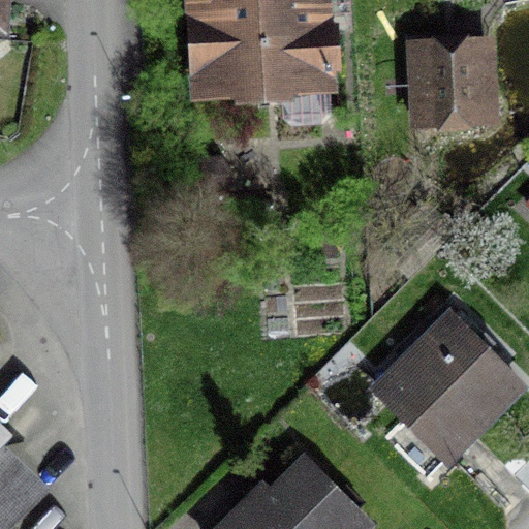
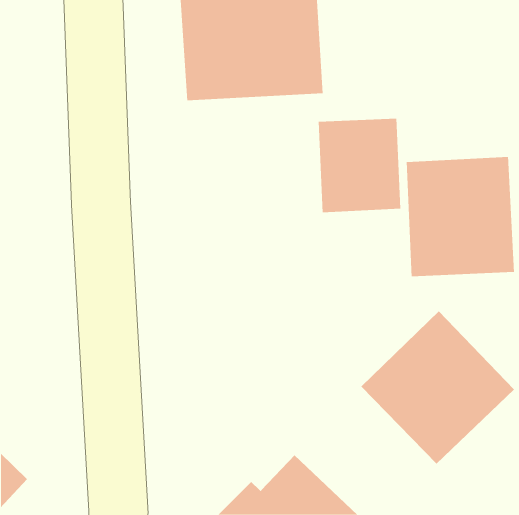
building: [412,37,496,132] -> [318,118,401,213]
building: none -> [406,156,514,277]

